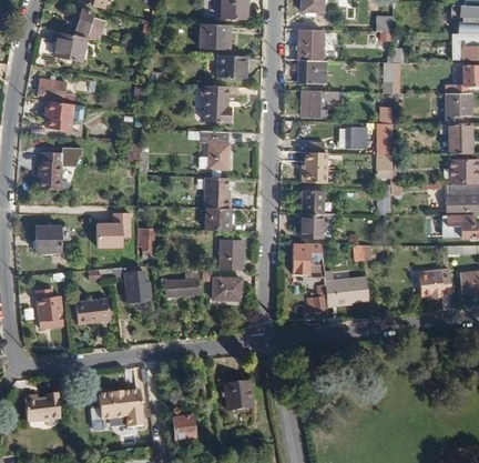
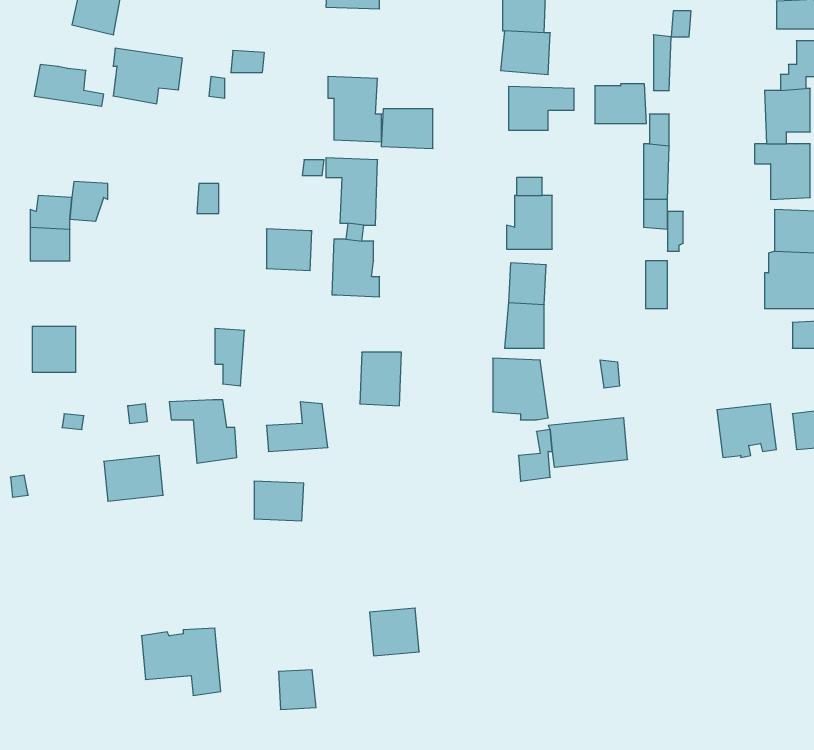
building: [217,56,246,78] -> [381,109,433,149]
building: [45,100,84,131] -> [113,48,182,104]
building: [338,127,367,149] -> [595,84,646,124]
building: [205,208,231,231] -> [266,229,312,271]
building: [98,214,133,249] -> none
building: [213,278,241,300] -> [254,481,304,521]
building: [34,288,62,326] -> none
building: [23,393,60,422] -> none

